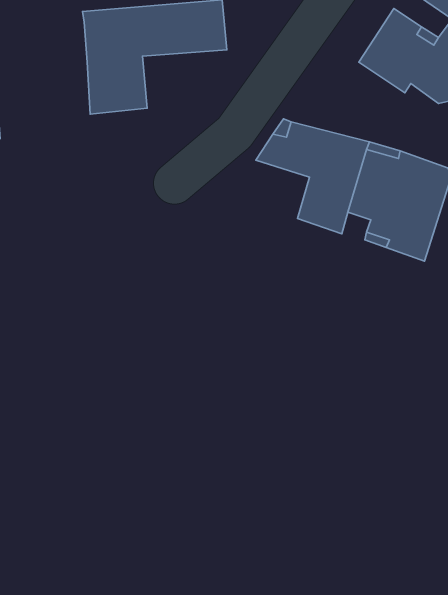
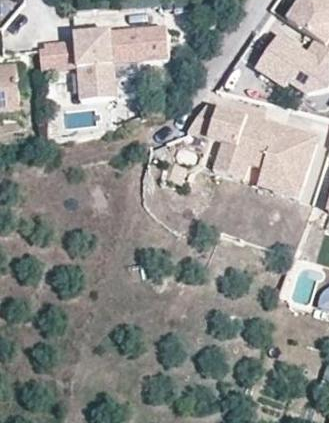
building: none -> [37,40,76,69]

